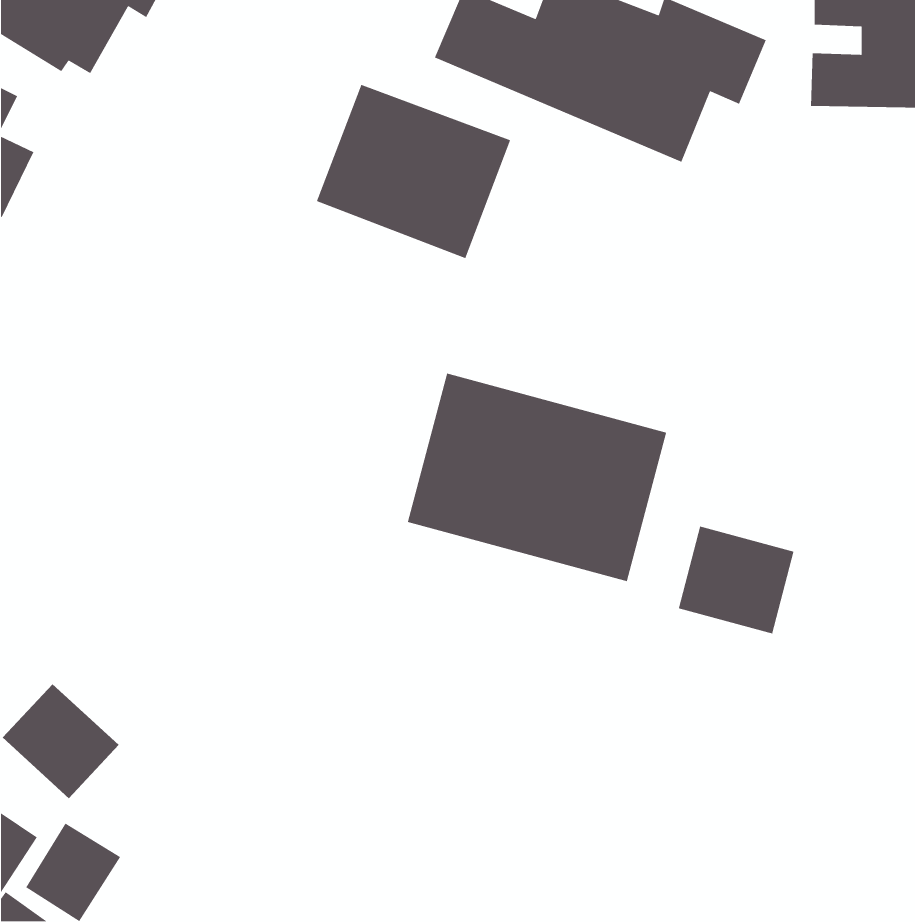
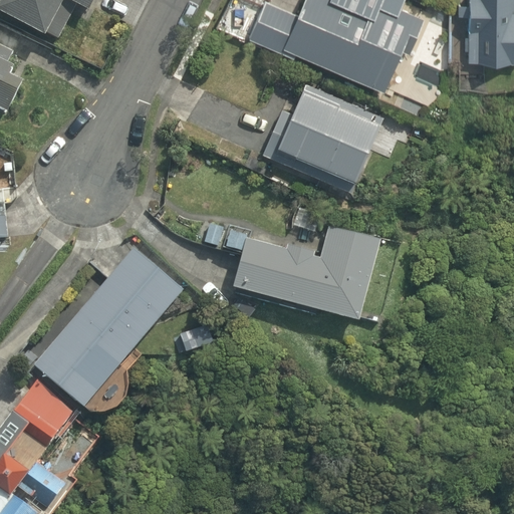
building: [316,84,511,259] -> [269,91,377,189]
building: none -> [30,237,190,411]
building: [678,525,795,635] -> none

